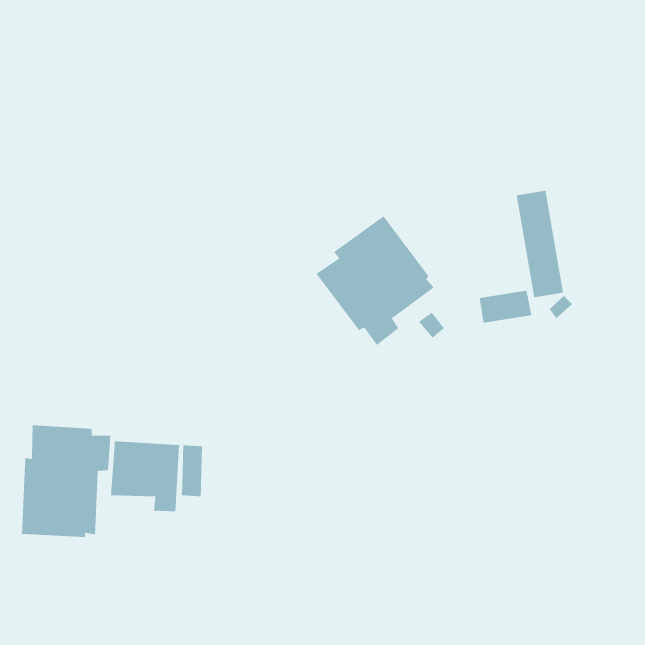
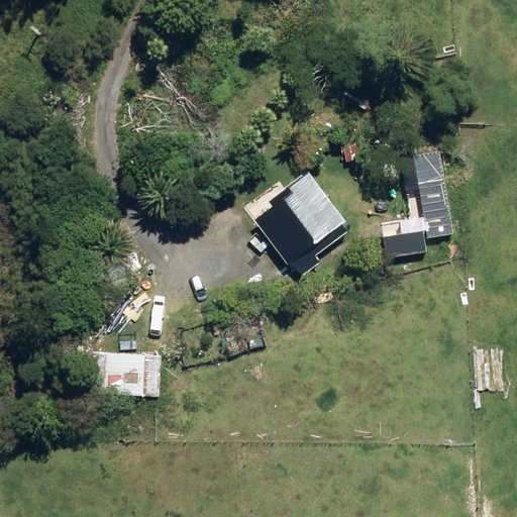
building: [21,425,111,538] -> none

